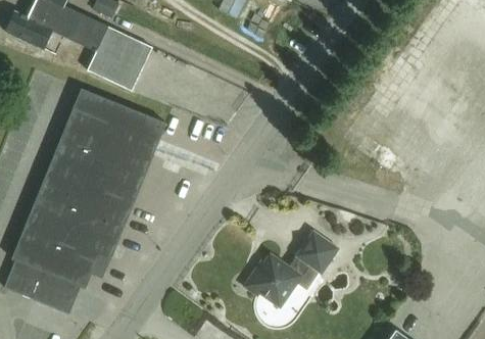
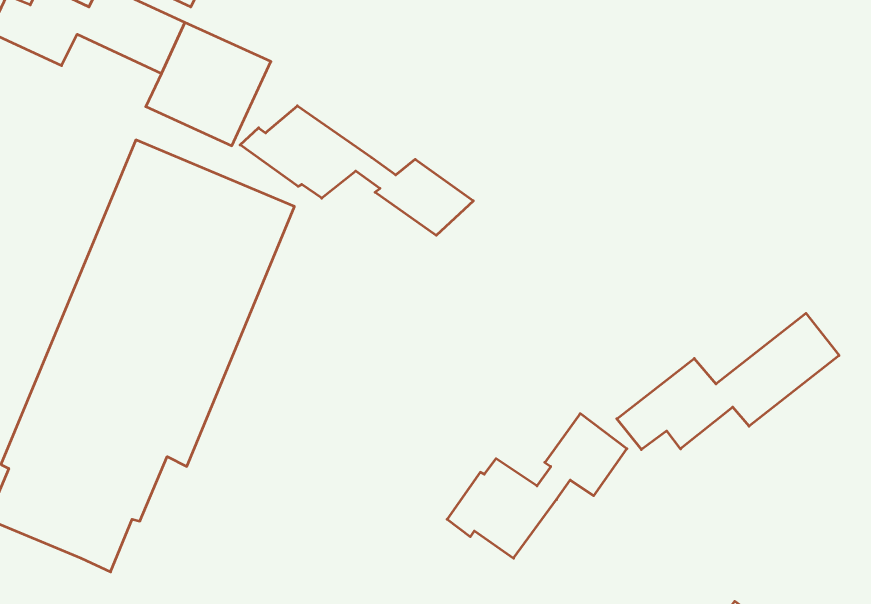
building: none -> [240,106,473,235]
building: none -> [617,313,839,450]

